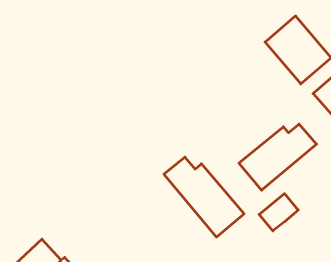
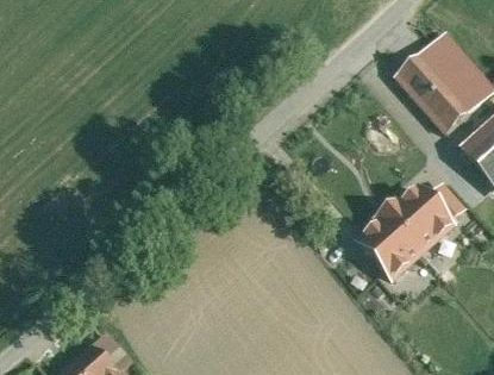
building: [164,157,244,237] -> none
building: [259,194,298,231] -> none

